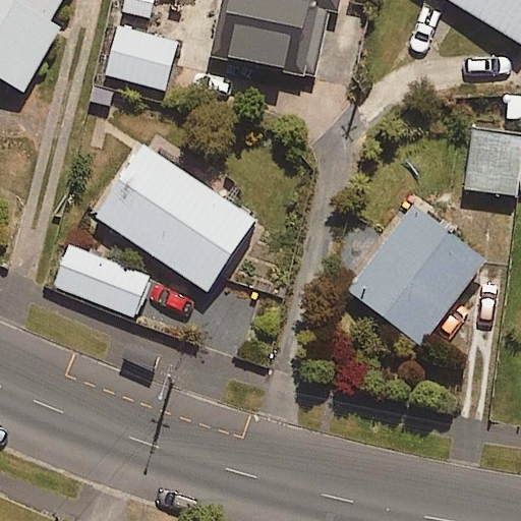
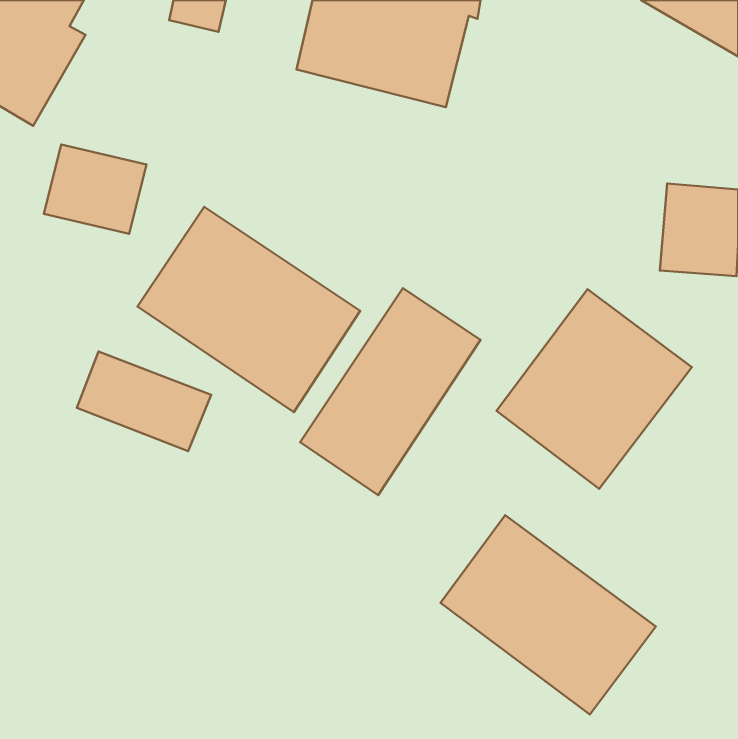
building: [105,25,177,89] -> [44,144,147,234]
building: none -> [300,288,481,495]
building: none -> [441,515,656,715]

